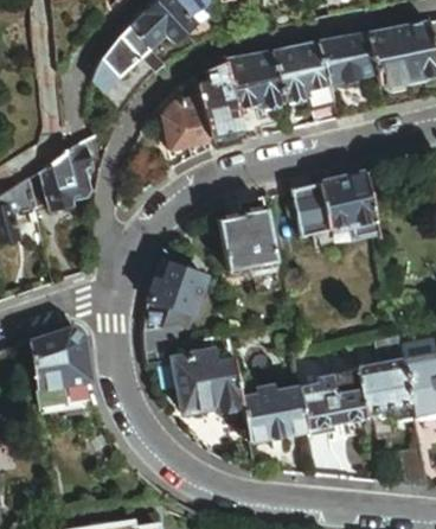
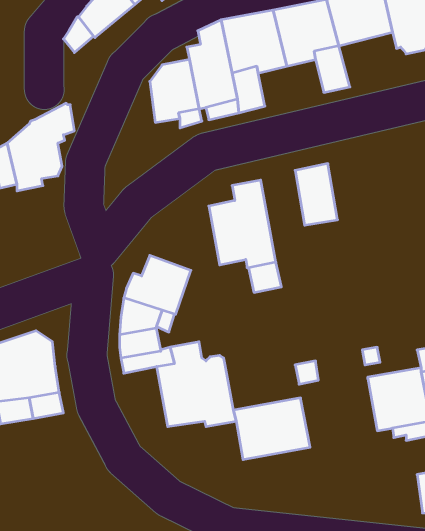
building: [322,172,379,240] -> none
building: [299,369,365,434] -> none

